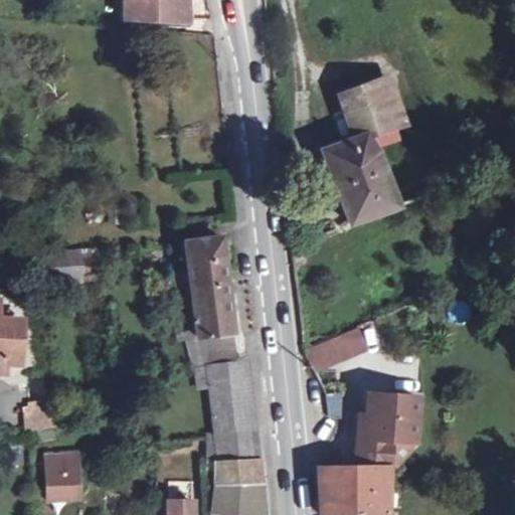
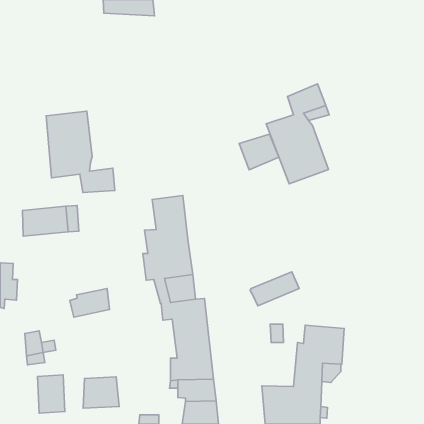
building: [340,79,385,117] -> none
building: none -> [46,111,115,192]
building: none -> [239,134,279,170]
building: none -> [70,289,109,317]
building: none -> [83,377,119,408]

